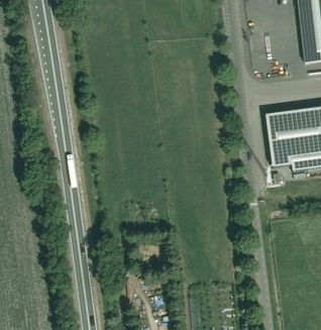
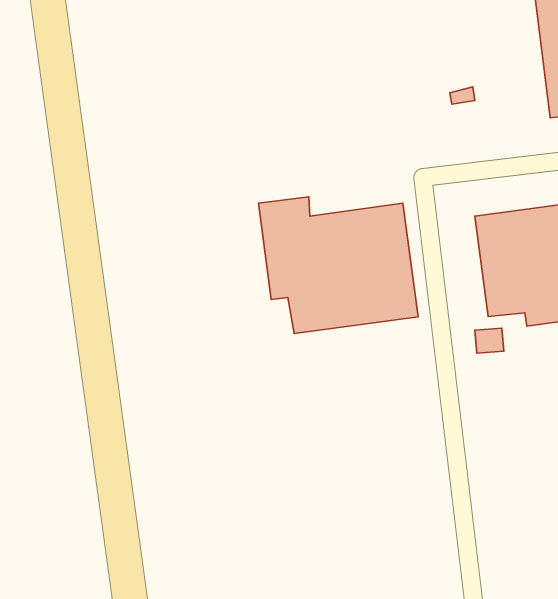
building: none -> [259,197,418,334]

